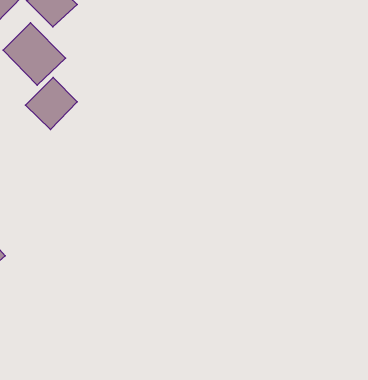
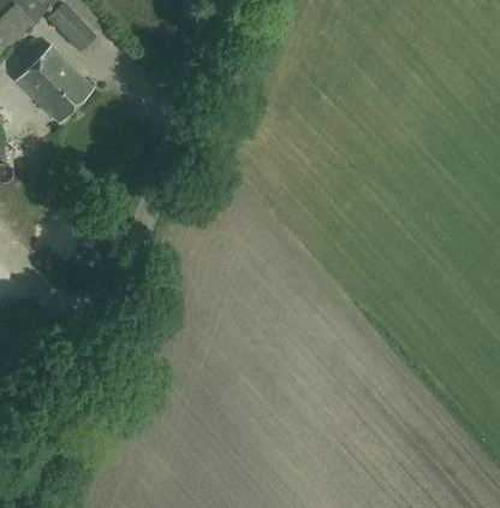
building: [25,78,77,130] -> none

